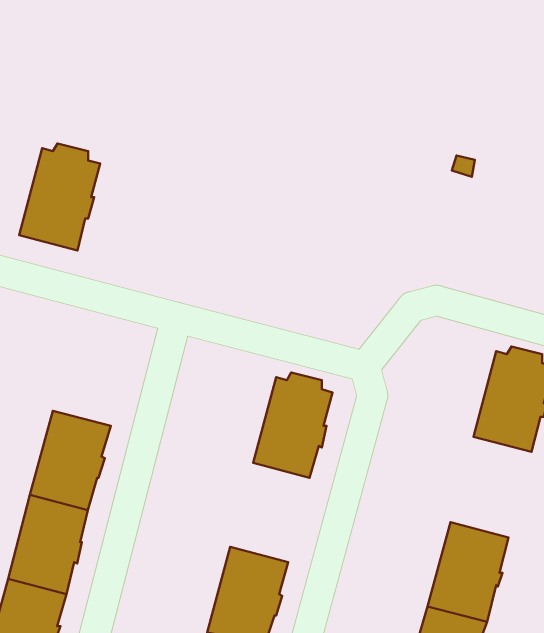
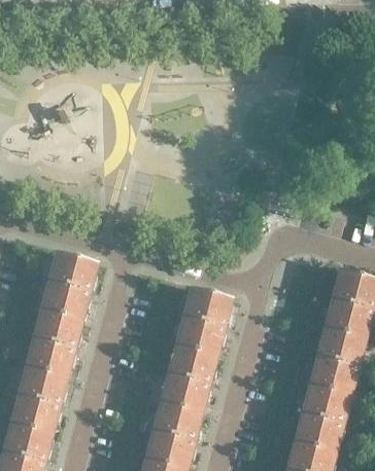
building: [19,144,100,251] -> [40,253,95,325]
building: none -> [308,332,363,400]
building: none -> [160,350,213,416]

